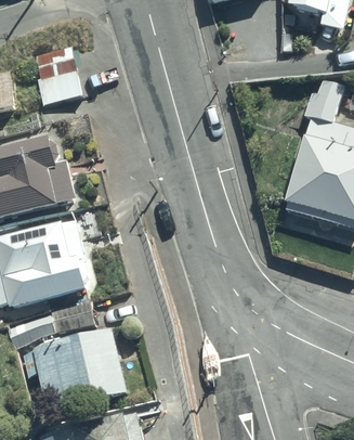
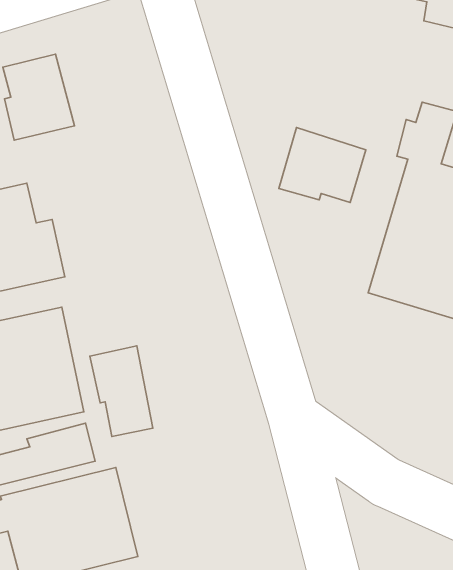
building: none -> [279,128,366,203]
building: none -> [90,346,153,437]

